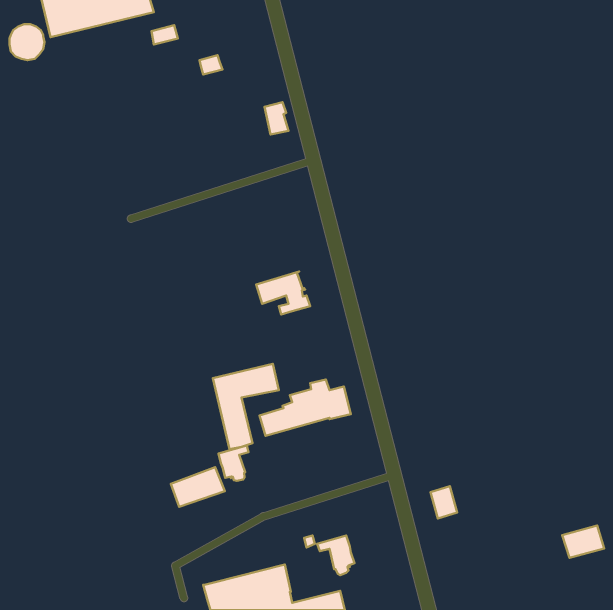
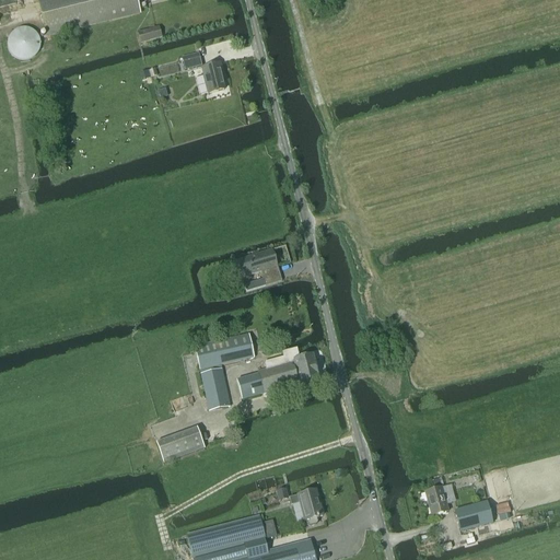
building: [264,102,288,135] -> [203,61,225,91]
building: [219,446,248,481] -> none
building: [431,486,457,519] -> [425,485,450,514]
building: [562,526,604,558] -> [455,500,493,529]

